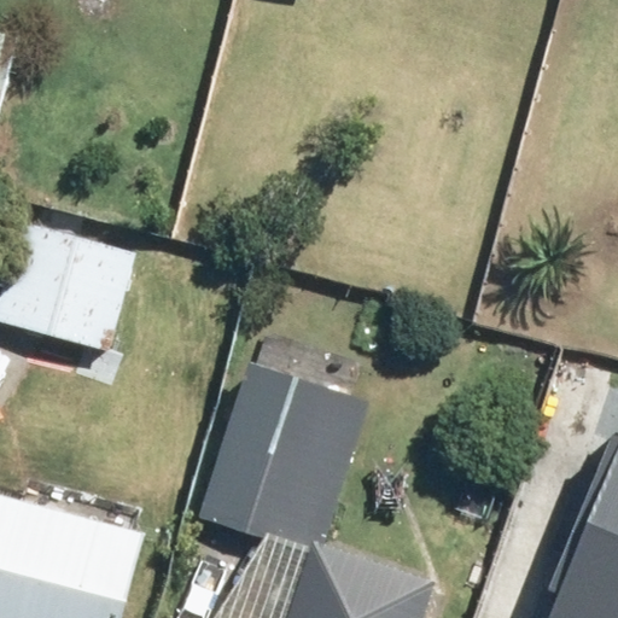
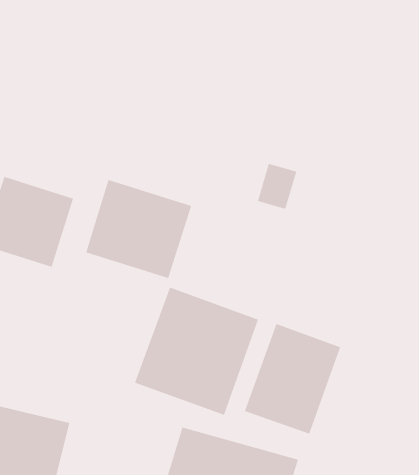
building: none -> [86,179,192,279]
building: none -> [244,323,341,434]

